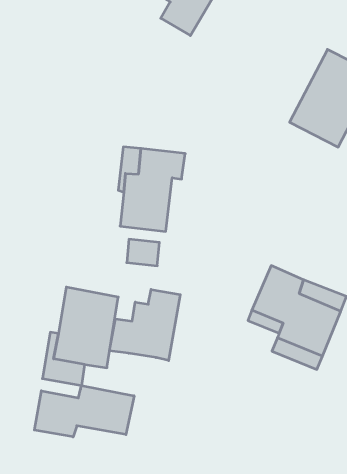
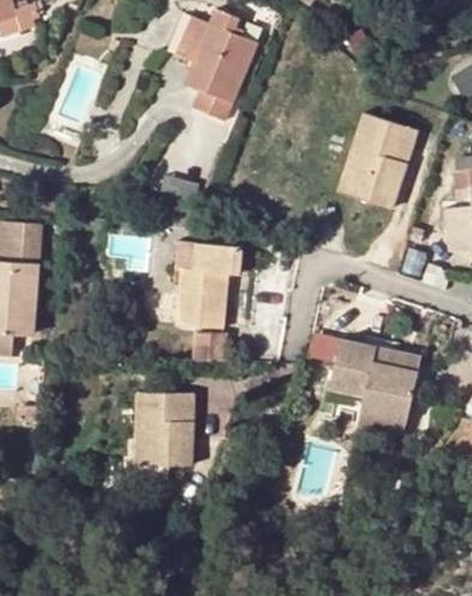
building: [110,289,180,361] -> none
building: [34,385,134,437] -> none

